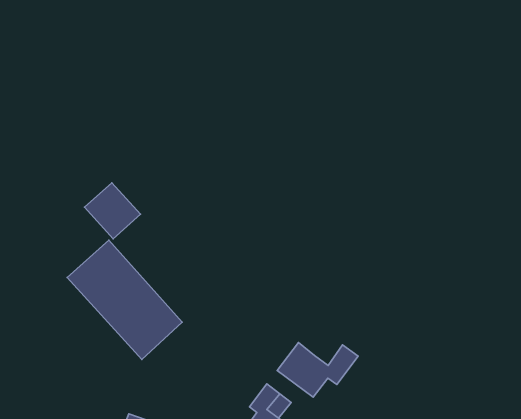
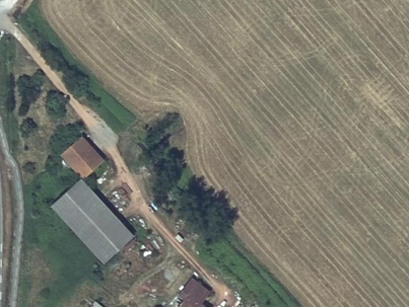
building: [277,342,358,397] -> none

